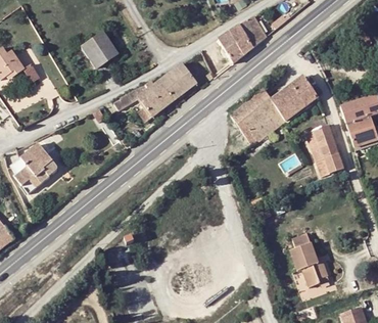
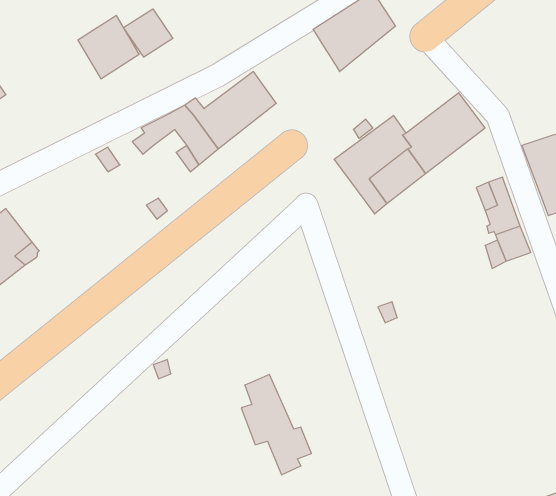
building: none -> [124,9,173,57]
building: [285,223,326,281] -> [241,375,311,475]

